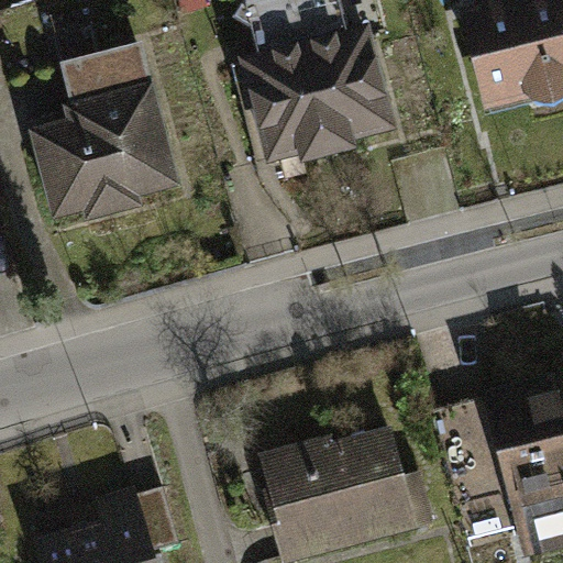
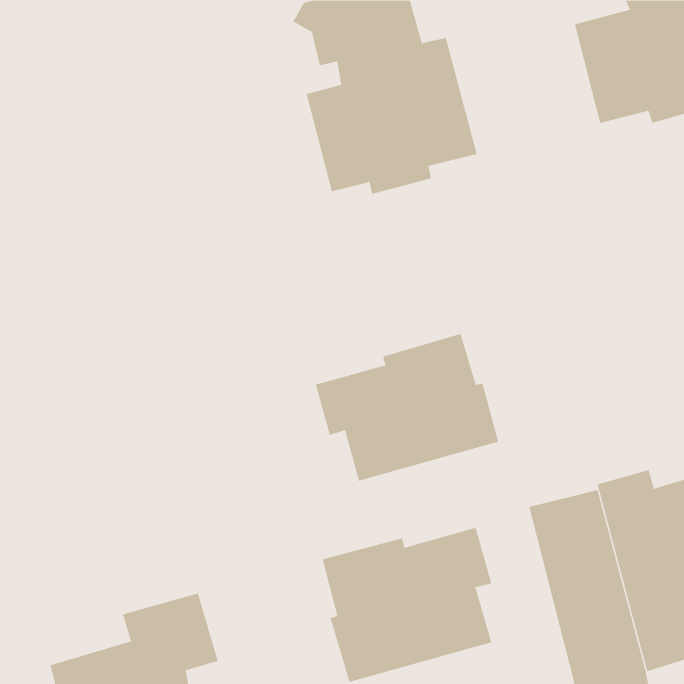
building: [36,48,177,218] -> none
building: none -> [315,333,499,481]

